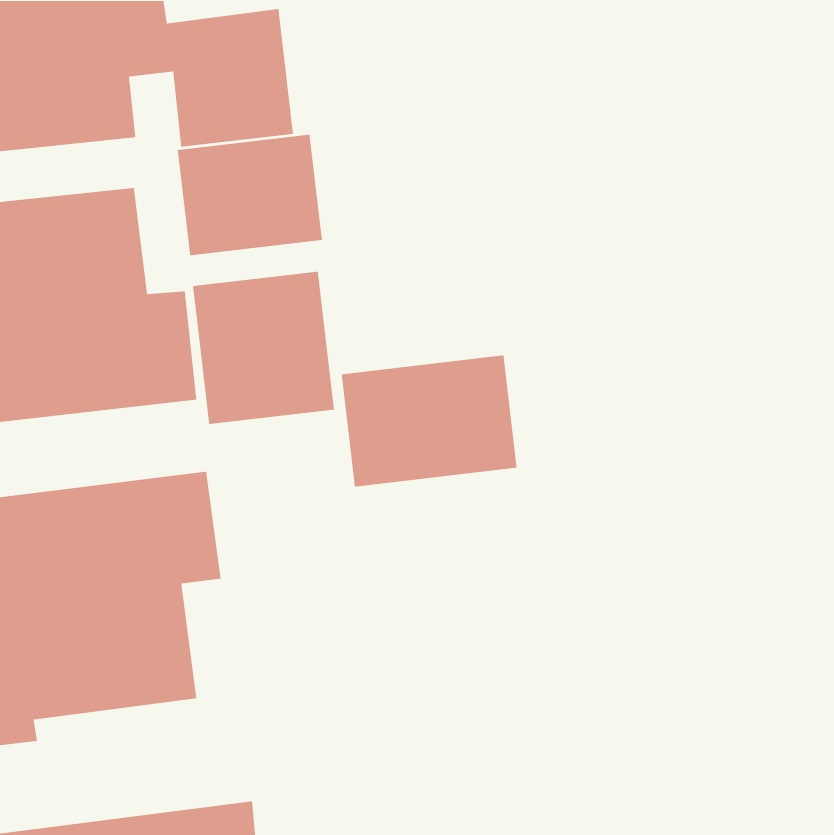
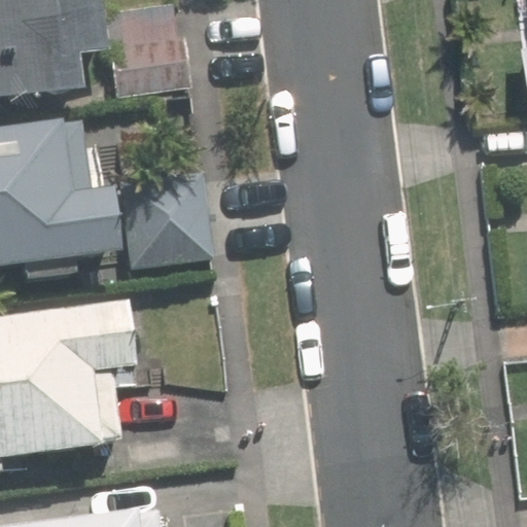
building: [177,134,323,256] -> none
building: [341,355,518,487] -> none

